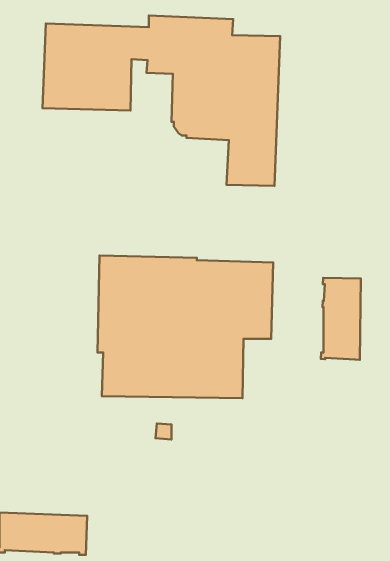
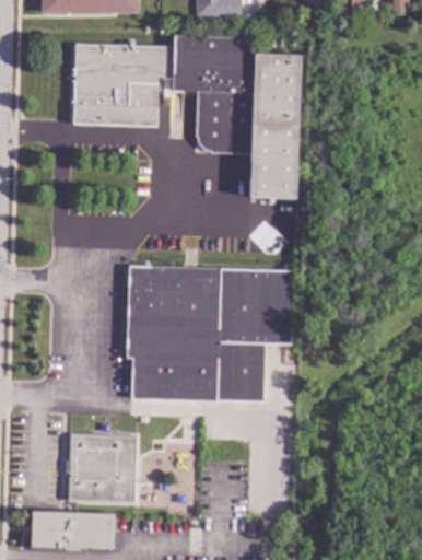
building: [321,278,361,360] -> none
building: none -> [66,431,138,502]

